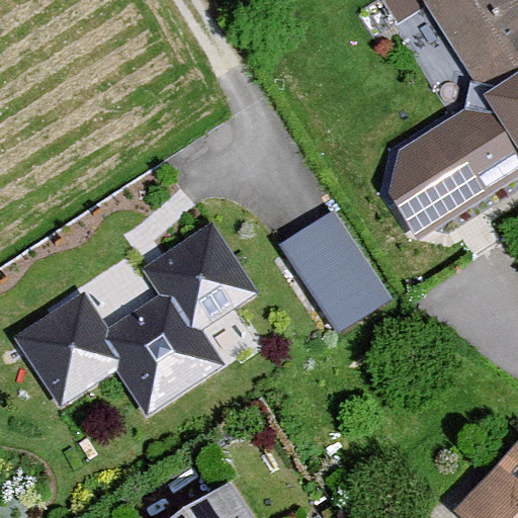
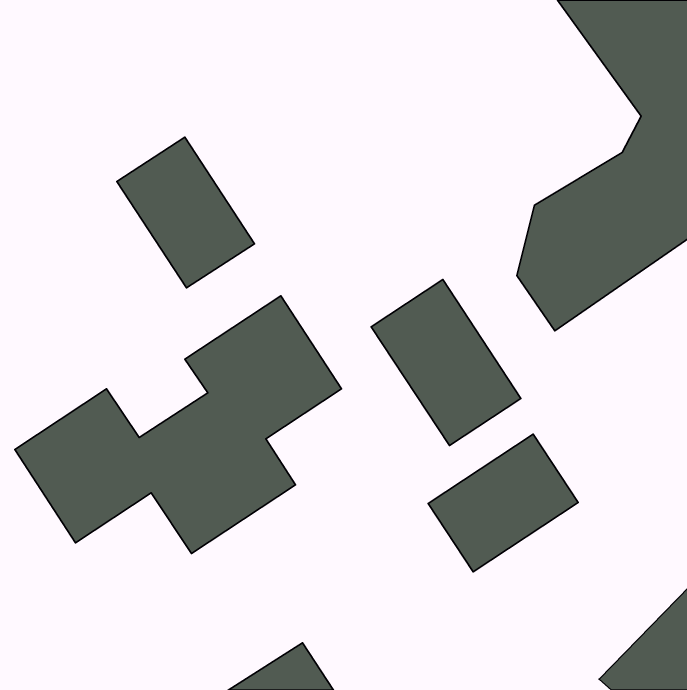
building: none -> [117,137,254,288]
building: none -> [428,434,578,572]

